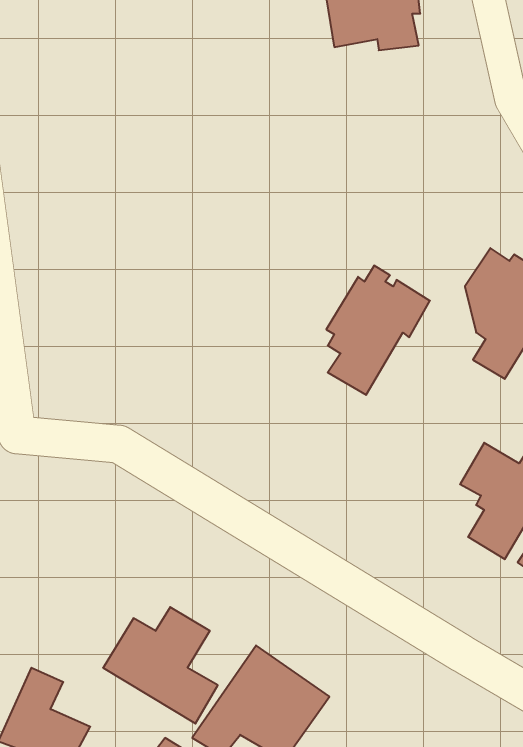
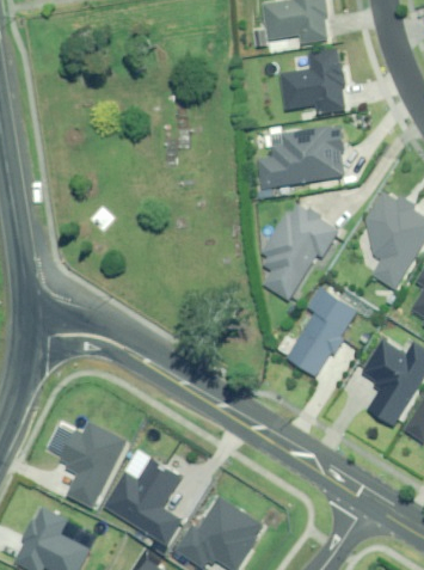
building: none -> [279,49,348,112]
building: none -> [258,125,346,188]
building: none -> [277,284,356,378]
building: none -> [43,423,121,508]

